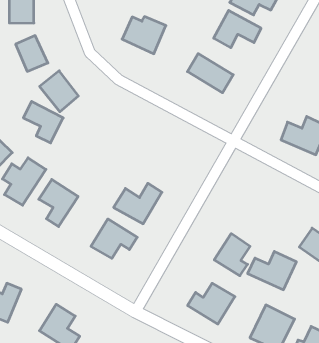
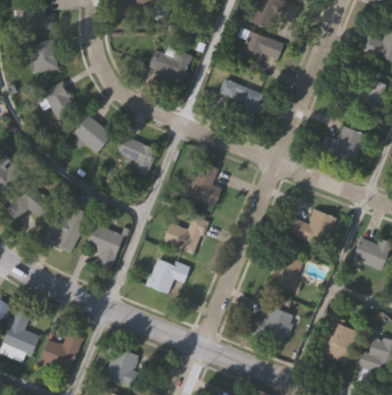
building: [23,101,63,143] -> [117,137,157,176]
building: none -> [185,155,223,206]
building: [248,251,296,290] -> [289,209,336,246]

